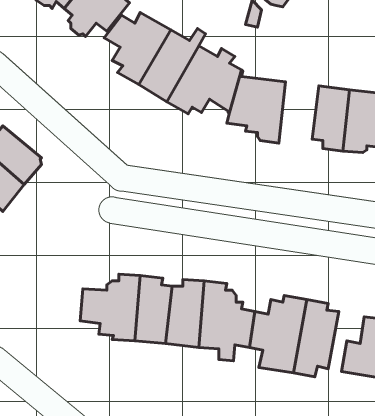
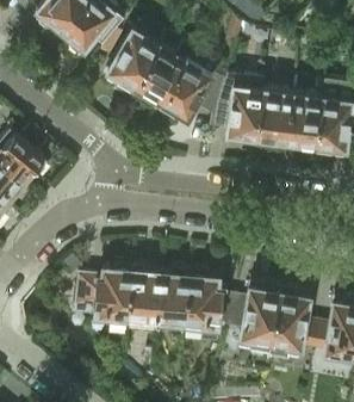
building: none -> [256,91,292,148]

